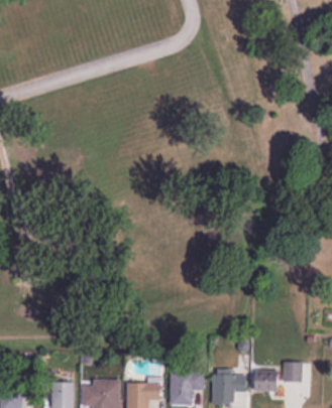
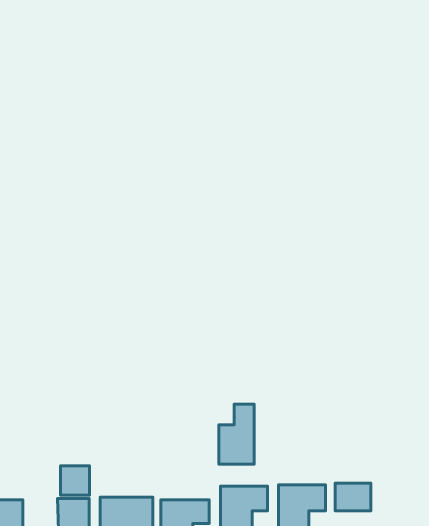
building: none -> [219,404,254,464]
building: none -> [61,466,89,495]
building: [284,363,308,392] -> none

